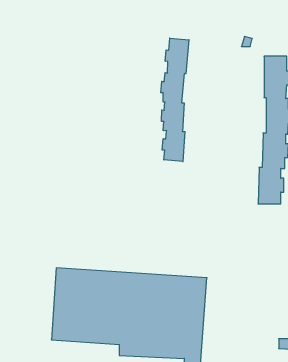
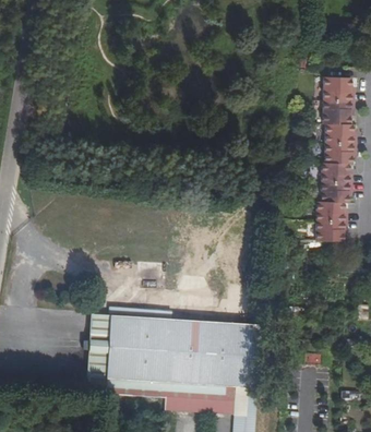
building: [161,38,189,162] -> none

